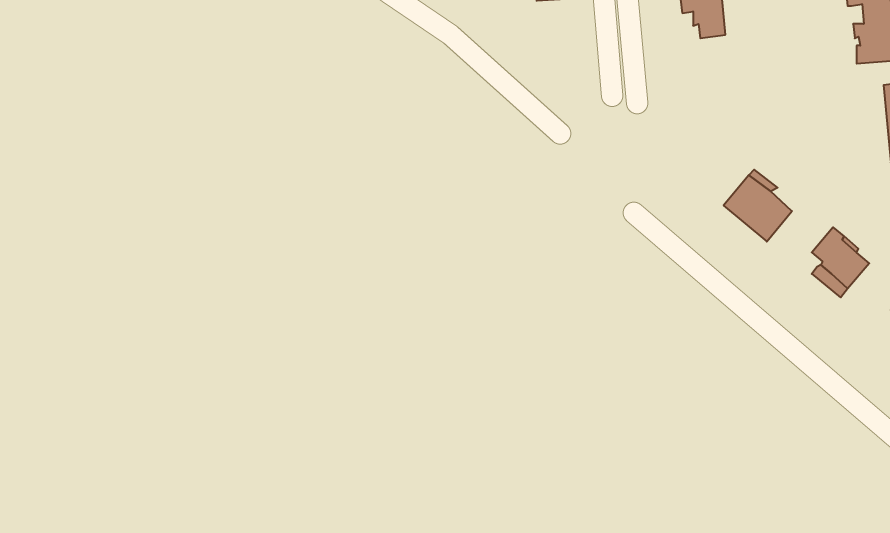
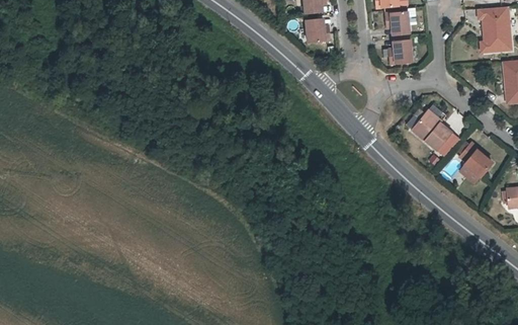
building: none -> [306,18,331,43]
building: none -> [392,37,415,63]

